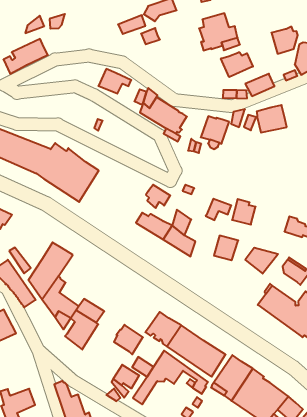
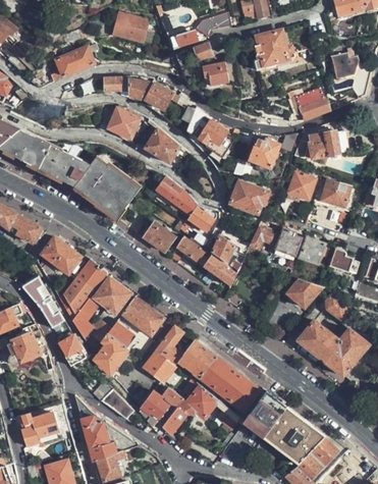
building: none -> [113,13,148,42]
building: none -> [202,62,228,86]
building: [221,52,253,77] -> none
building: none -> [104,78,151,99]
building: none -> [106,104,140,139]
building: none -> [145,129,179,163]
building: none -> [289,172,316,198]
building: none -> [322,179,350,206]
building: none -> [227,177,269,213]
building: none -> [156,176,197,213]
building: none -> [144,222,174,251]
building: none -> [41,236,87,278]
building: [214,236,238,260] -> [300,236,326,263]
building: none -> [95,277,131,314]
building: none -> [122,298,165,335]
building: none -> [156,326,184,366]
building: none -> [61,335,87,368]
building: none -> [101,388,134,419]

